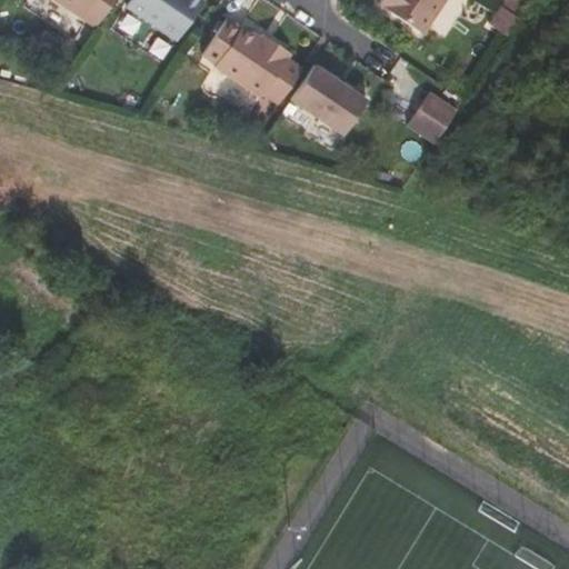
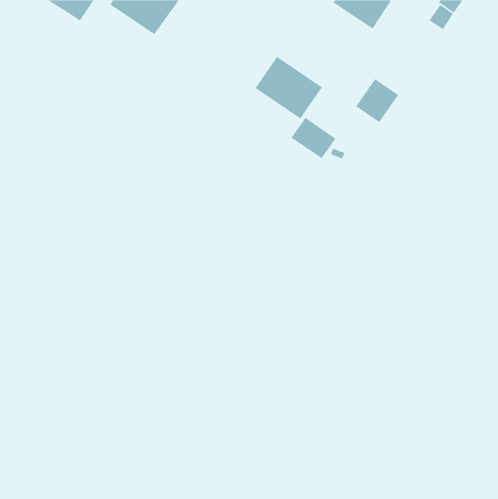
building: [203,17,299,102] -> none
building: none -> [291,117,336,159]

